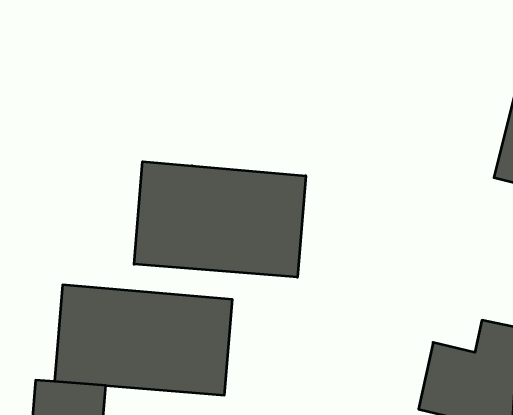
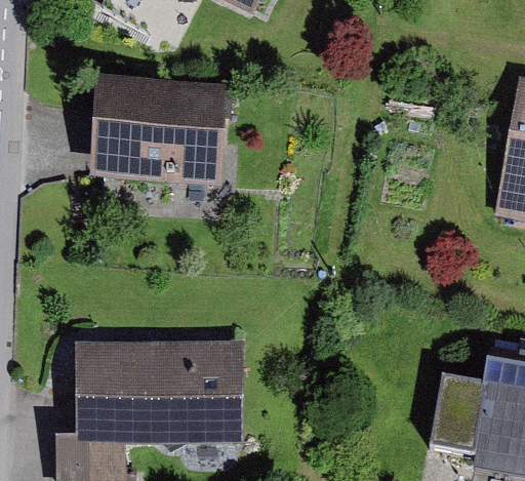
building: none -> [90,76,227,182]
building: [134,162,306,277] -> none

